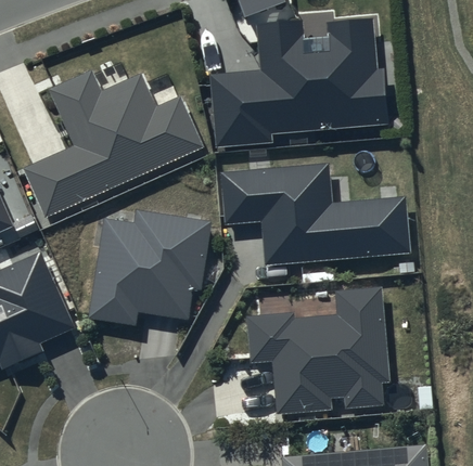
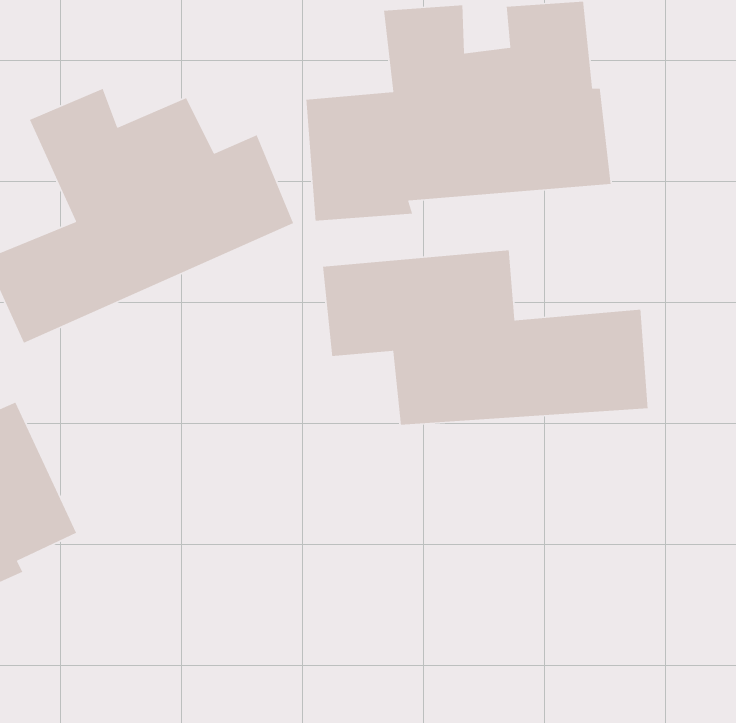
building: [88,209,213,325] -> none
building: [245,286,391,415] -> none

